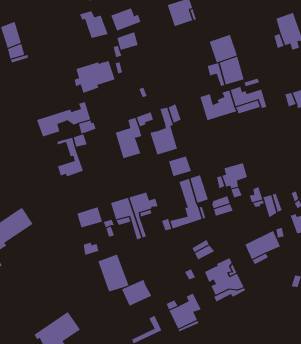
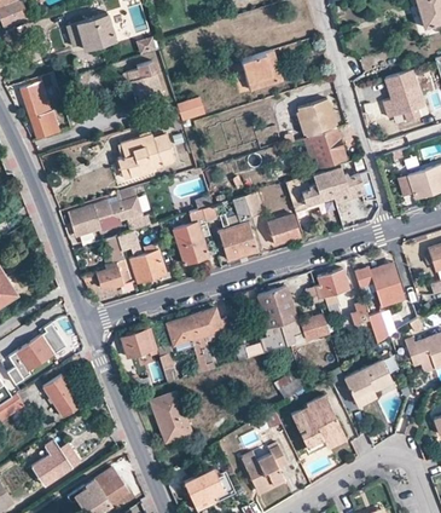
building: [111,7,141,32] -> none
building: none -> [124,243,166,283]
building: [168,156,192,177] -> [268,217,300,244]
building: none -> [354,266,405,306]
building: none -> [43,375,81,417]
building: [121,279,152,307] -> [184,468,225,505]
building: none -> [34,442,81,485]

